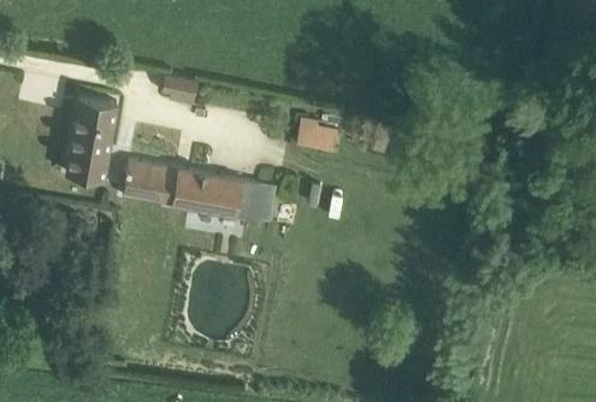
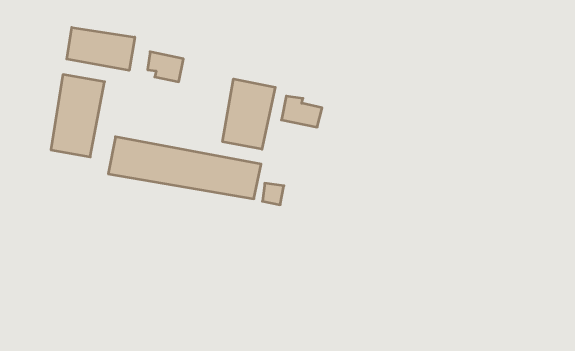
building: none -> [67,27,135,70]
building: none -> [223,79,275,149]

